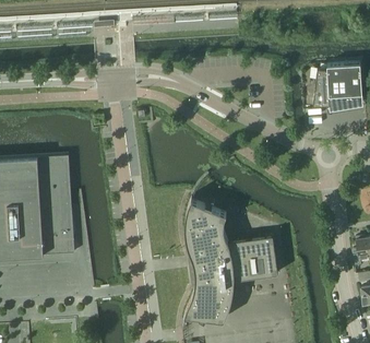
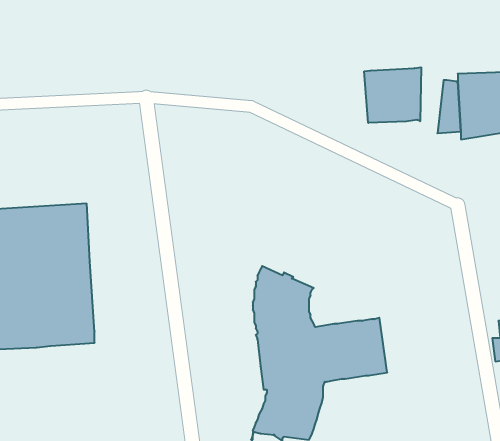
building: none -> [364,67,421,123]

